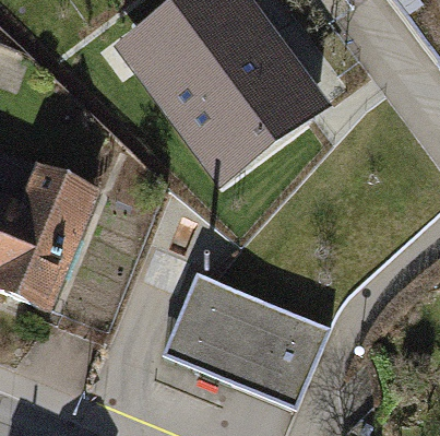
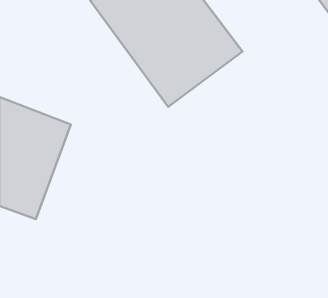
building: [165,266,337,403] -> none

